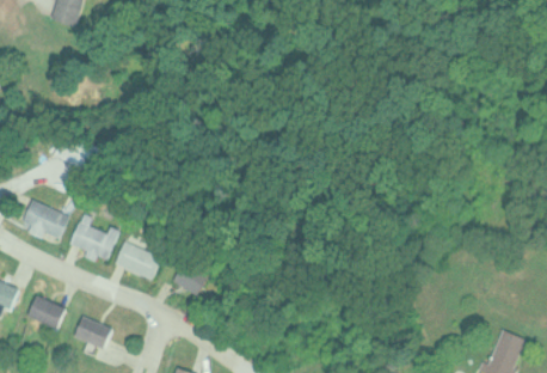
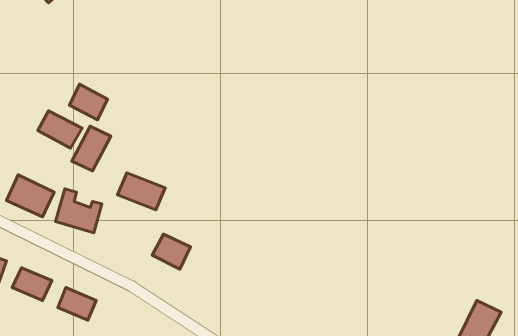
building: none -> [69,84,108,120]
building: none -> [72,126,111,171]
building: [112,241,161,280] -> [117,173,165,210]

